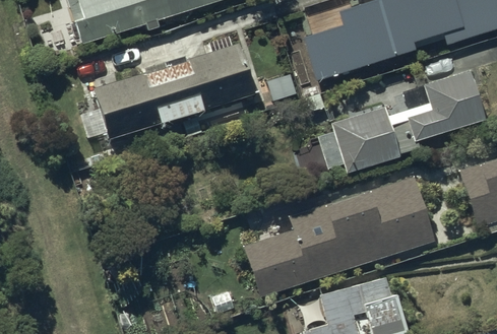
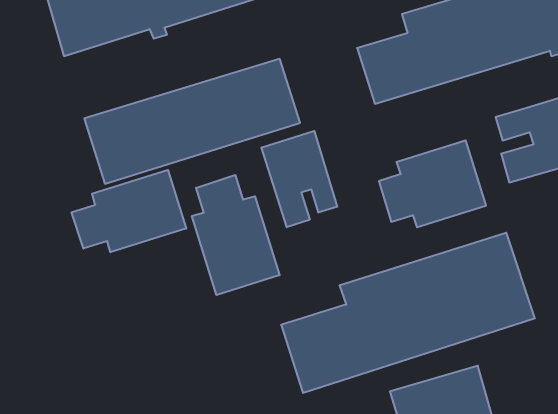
building: none -> [261,131,337,227]
building: none -> [72,170,186,252]
building: none -> [192,175,280,295]

